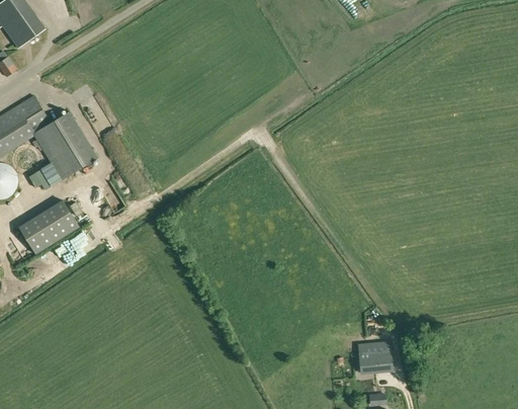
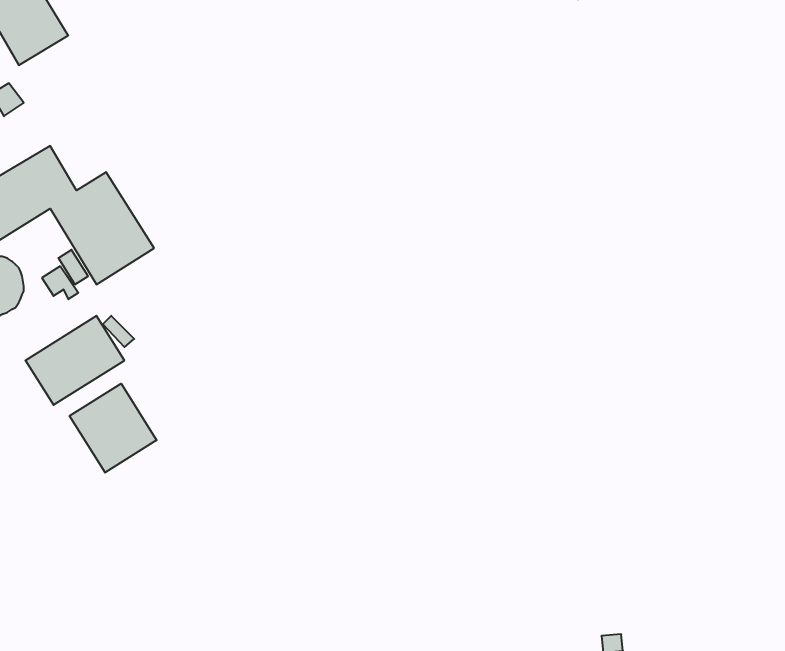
building: none -> [70,384,157,473]
building: [359,350,392,372] -> none

